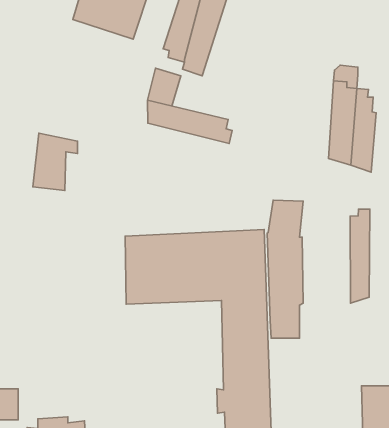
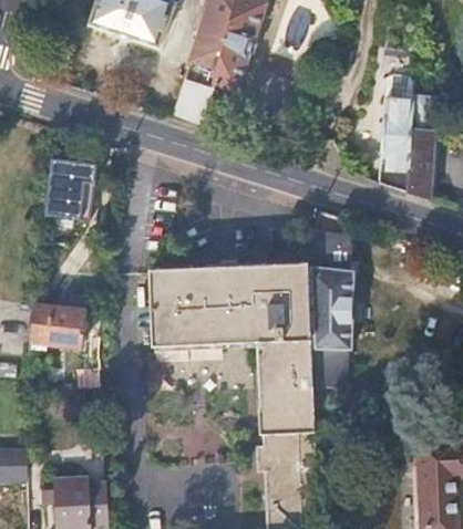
building: [148,100,232,144] -> none
building: [350,209,370,303] -> none
building: none -> [29,305,86,351]

